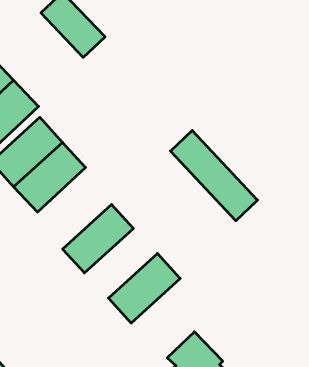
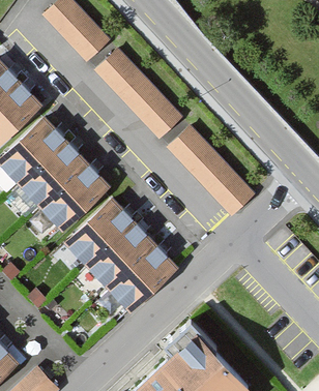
building: none -> [98,53,180,138]
building: none -> [42,164,111,232]
building: none -> [87,222,156,289]

